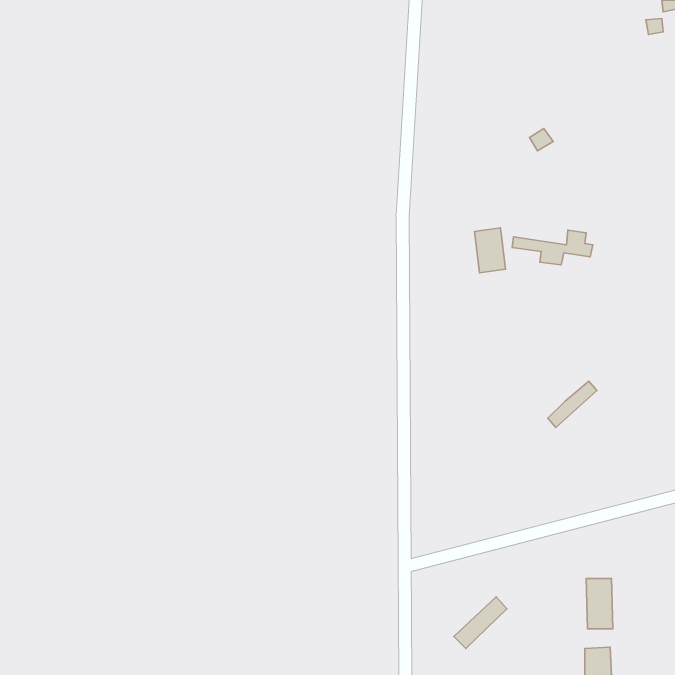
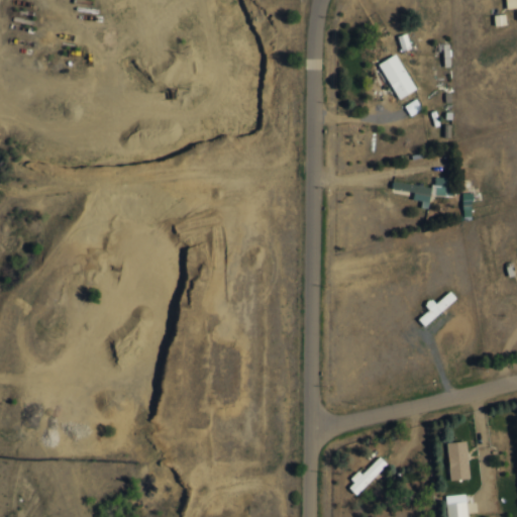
building: none -> [381,55,415,100]
building: [474,228,506,273] -> none

